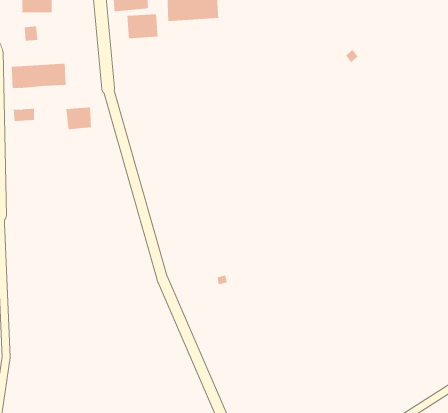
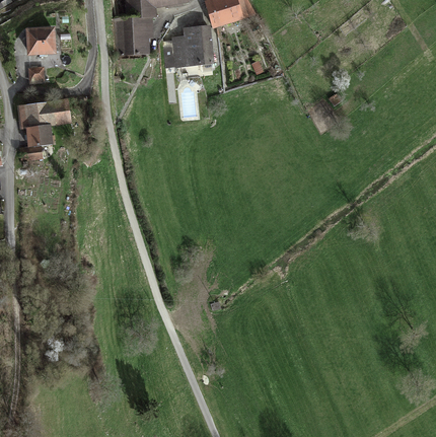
building: [127,13,158,39] -> none
building: [66,107,92,130] -> [28,124,53,145]

